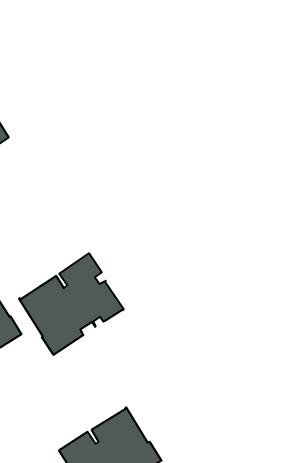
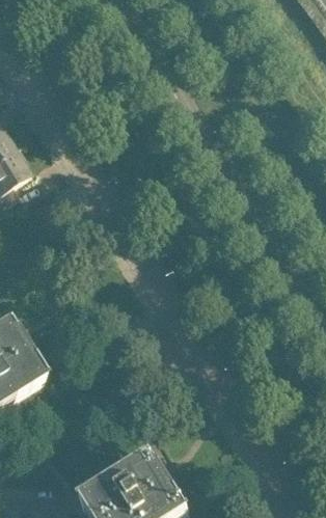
building: [19,253,124,355] -> none

